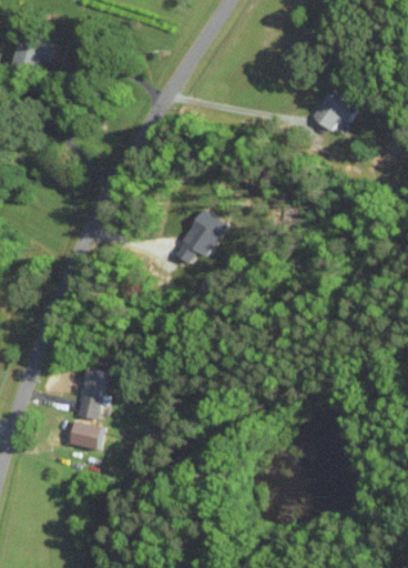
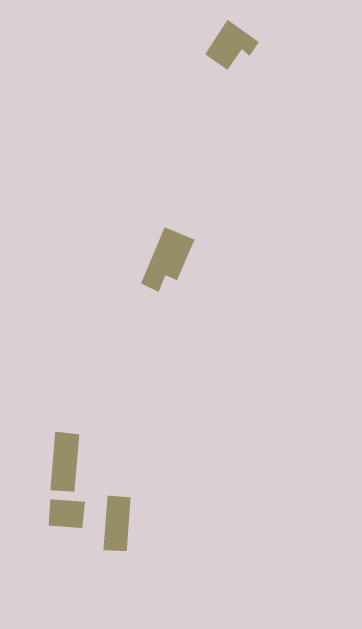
building: [310,89,358,132] -> [204,19,260,71]
building: none -> [103,495,131,552]

